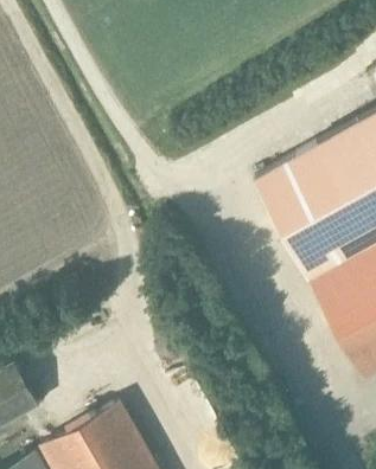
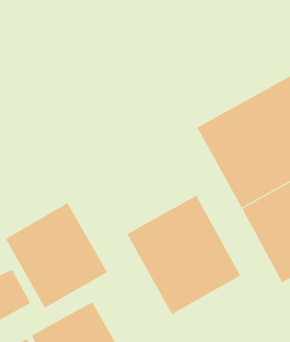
building: none -> [126,195,241,315]
building: none -> [5,202,108,308]

